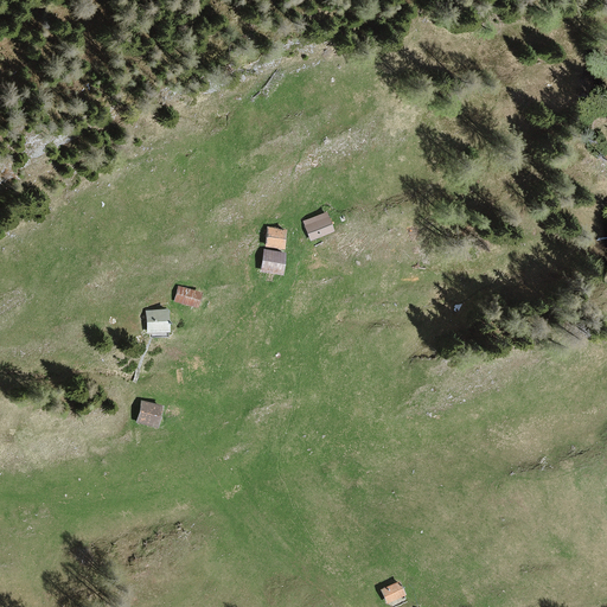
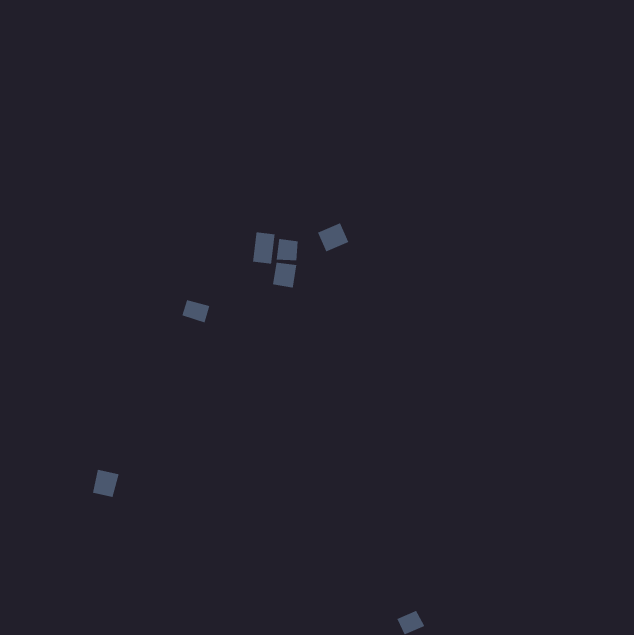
building: none -> [252,231,275,265]
building: [146,309,171,333] -> none
building: [136,400,162,427] -> [92,469,119,498]

